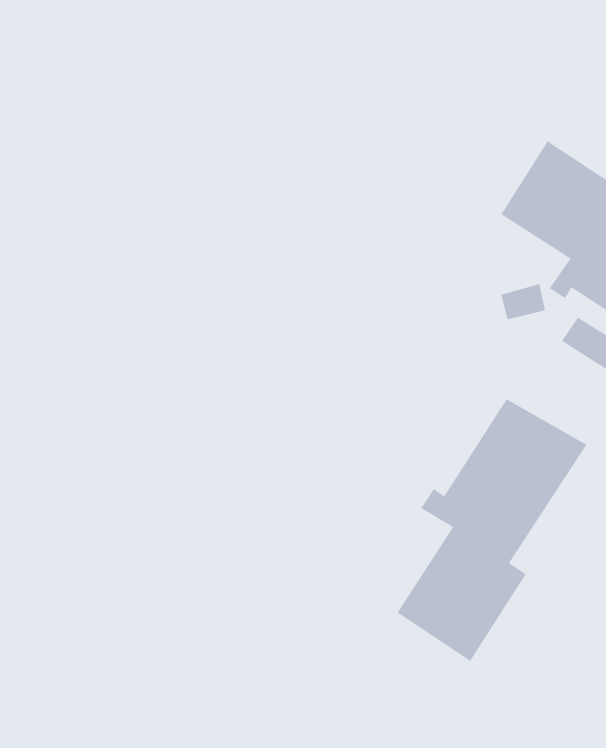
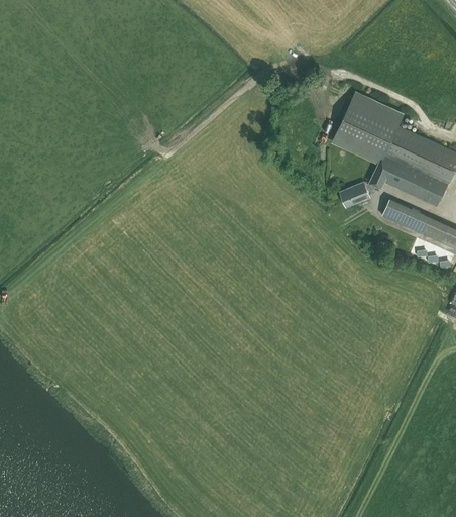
building: [397,399,587,662] -> none

